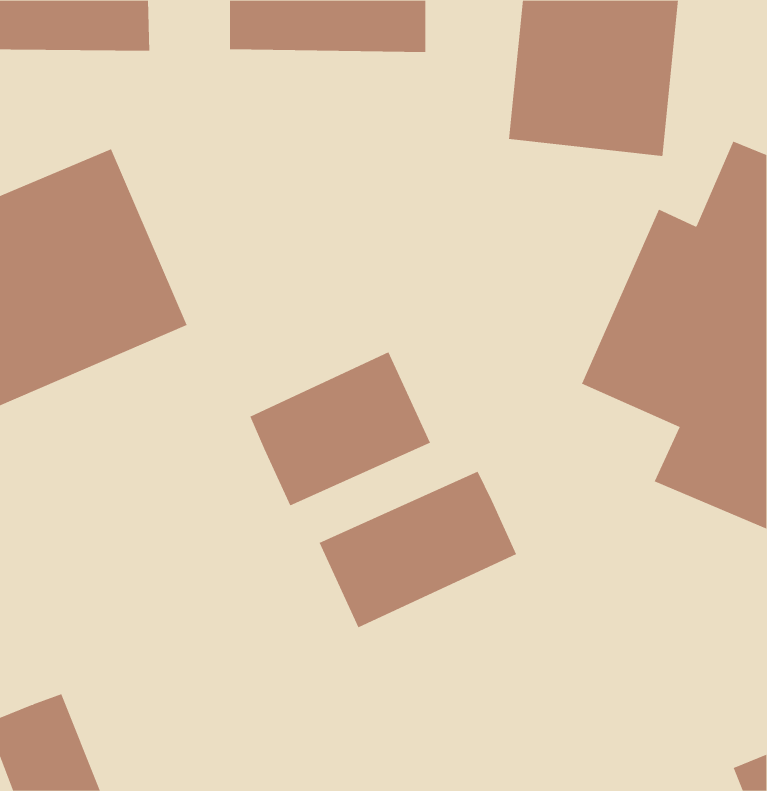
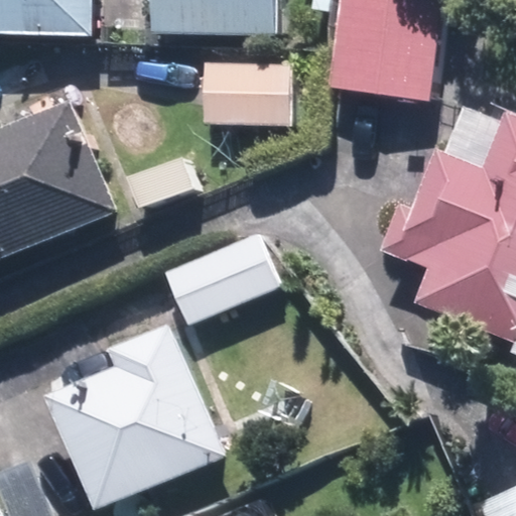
building: none -> [201,62,293,129]
building: [319,471,517,628] -> none
building: none -> [55,322,227,506]

